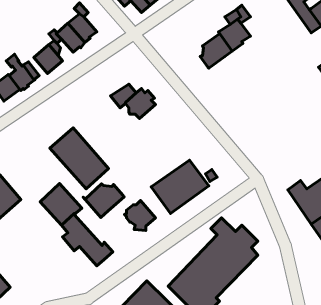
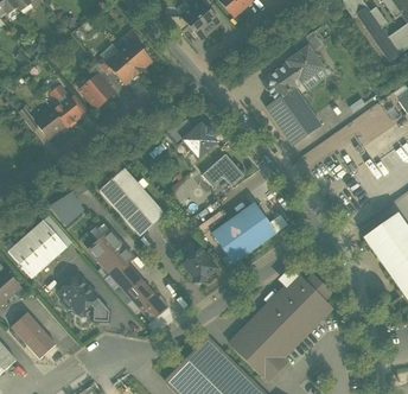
building: none -> [266,88,320,145]
building: none -> [202,153,243,186]
building: none -> [49,190,84,224]
building: [83,184,124,217] -> none
building: none -> [53,272,98,317]

